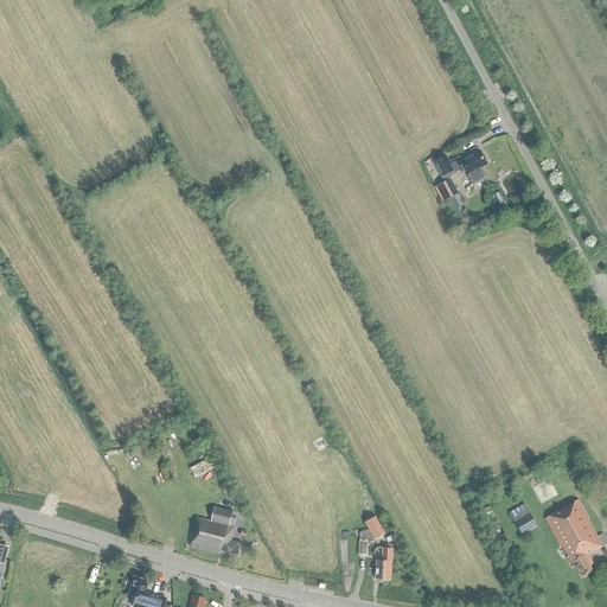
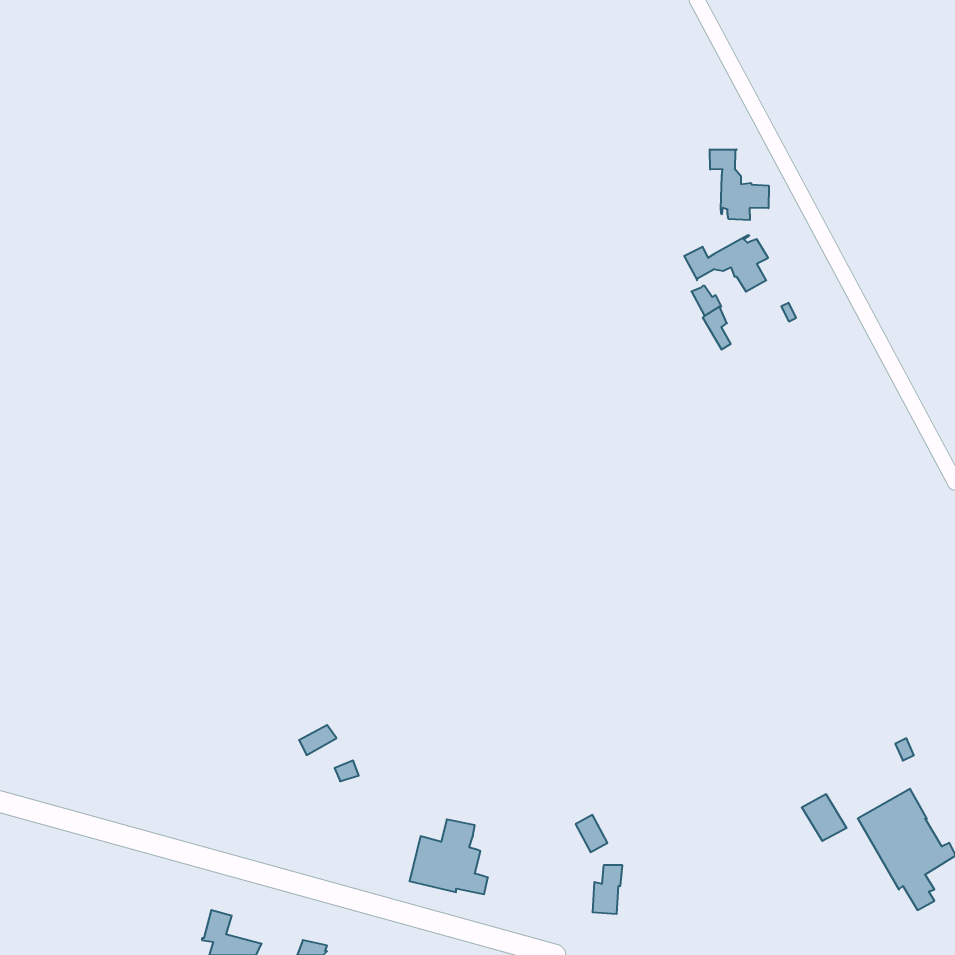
building: none -> [710,149,769,220]
building: [191,507,241,555] -> [409,819,488,894]

